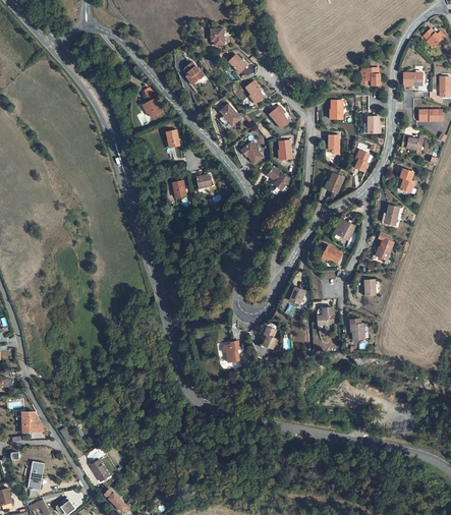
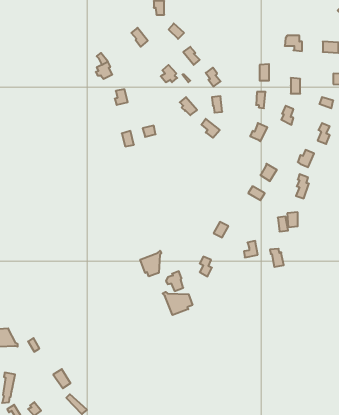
building: none -> [140,251,161,276]
building: none -> [163,292,192,315]

